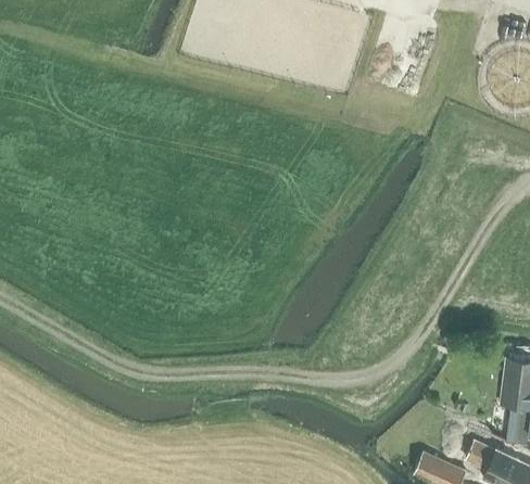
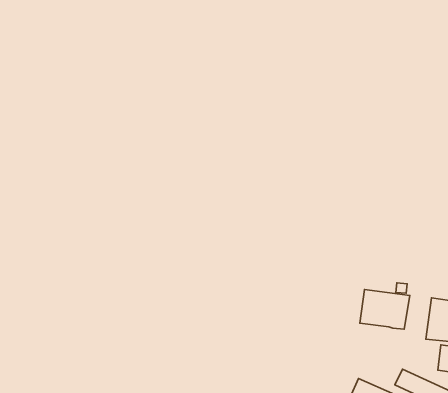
building: none -> [360,289,410,329]

